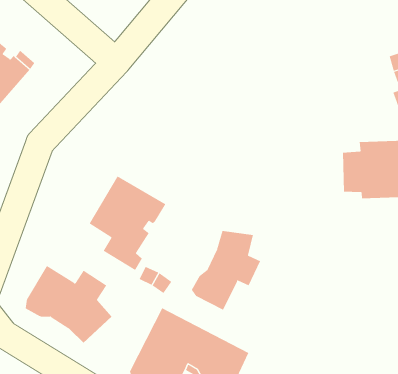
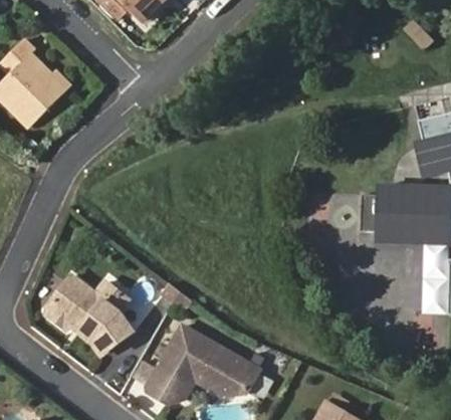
building: [89,176,166,271] -> none
building: [191,230,261,310] -> none

